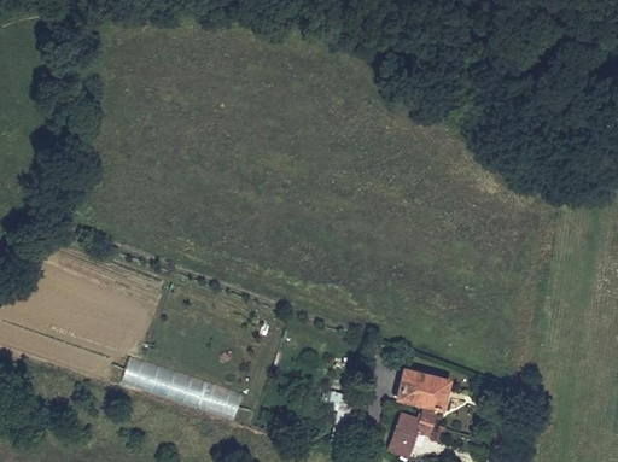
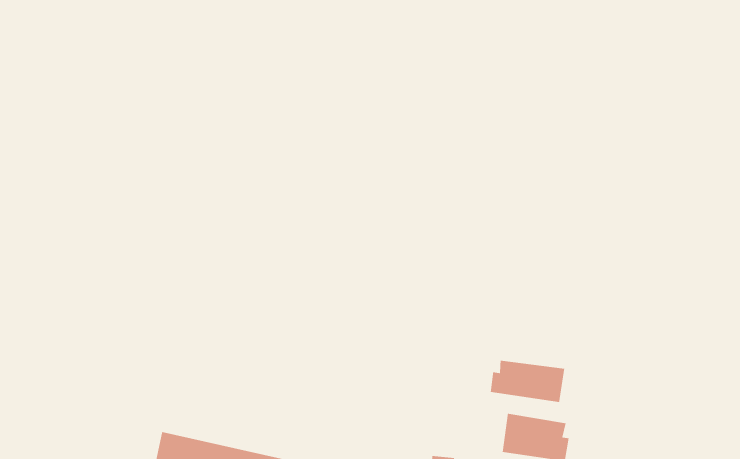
building: none -> [490,360,565,403]

